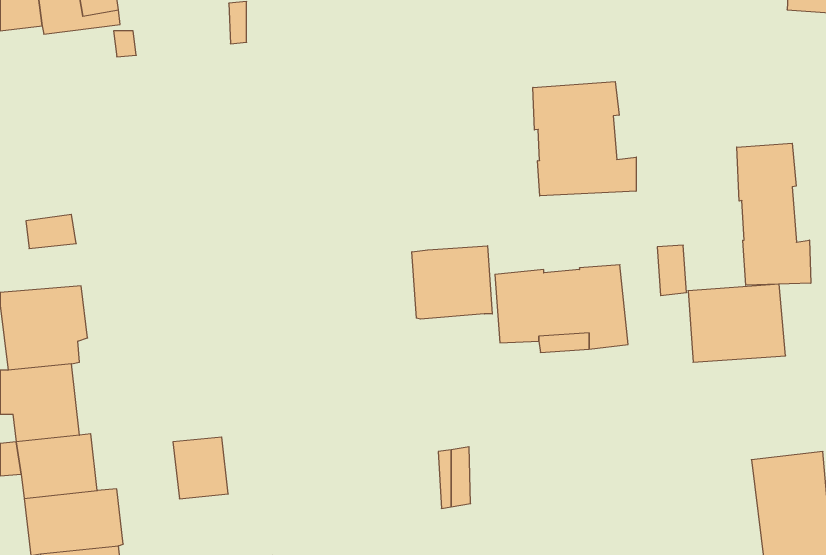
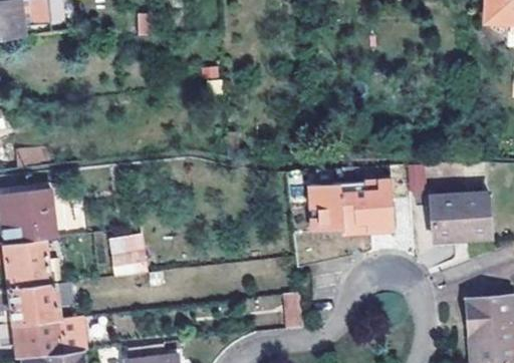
building: [533,82,636,196] -> none
building: [737,143,811,285] -> none
building: [412,246,492,319] -> none
building: [173,437,228,499] -> [110,237,145,275]

